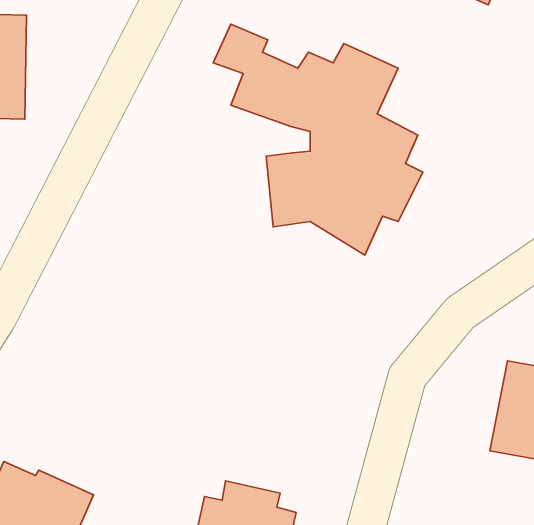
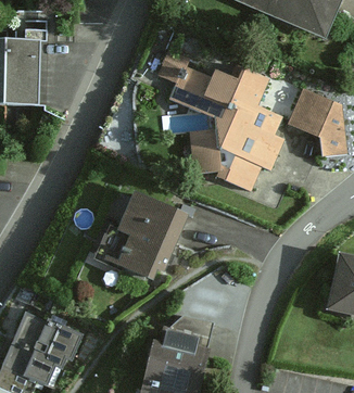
building: none -> [288,87,347,155]
building: none -> [115,191,186,278]

